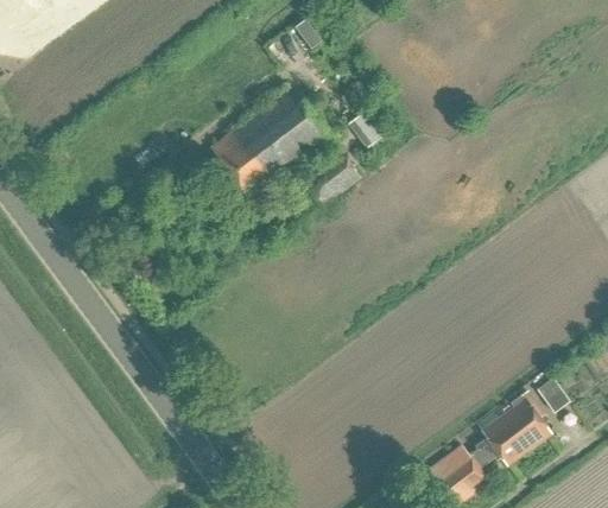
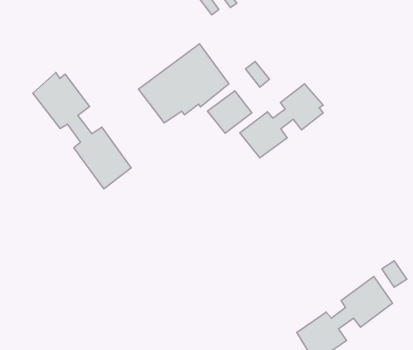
building: none -> [33,72,131,189]
building: none -> [240,84,323,158]

